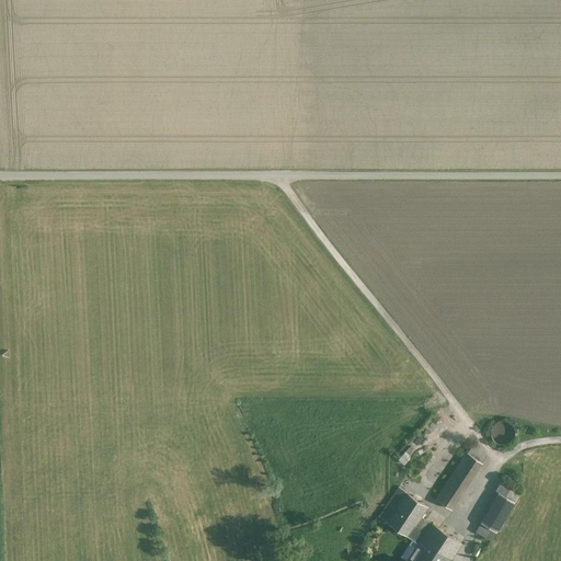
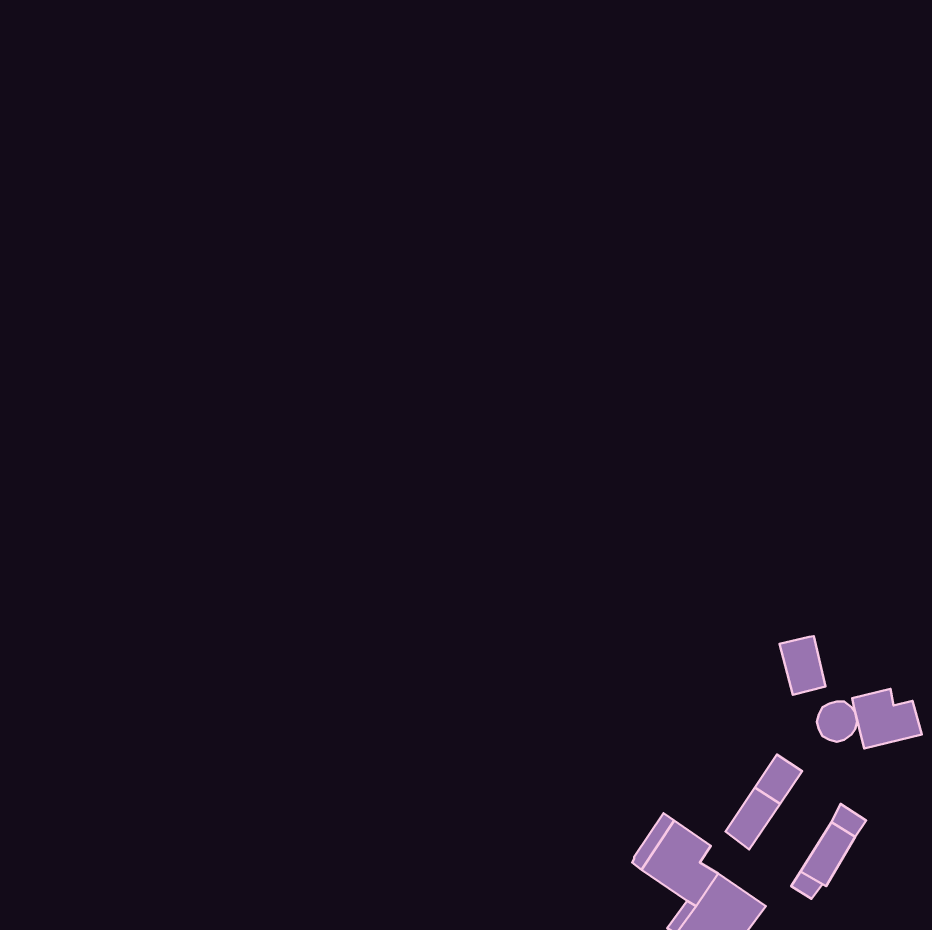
building: none -> [779,636,825,695]
building: none -> [852,689,922,748]

